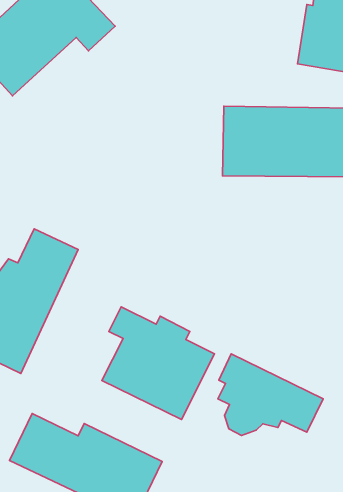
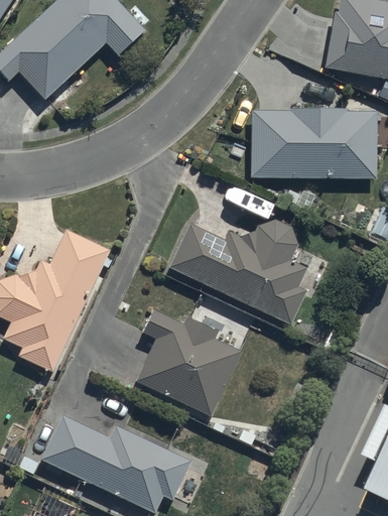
building: none -> [167,220,308,326]
building: [218,354,323,436] -> none

